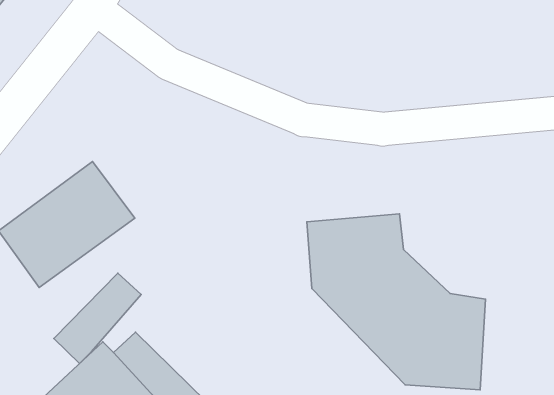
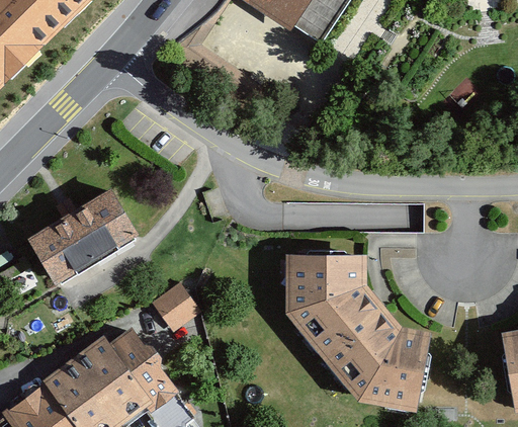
building: none -> [155,285,203,334]
building: [54,273,141,364] -> none

